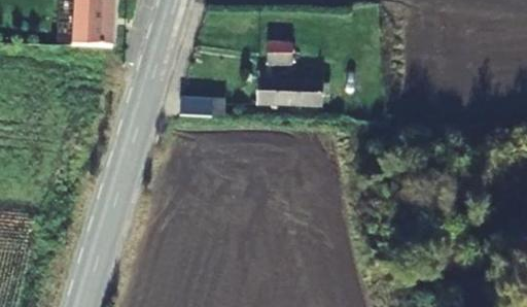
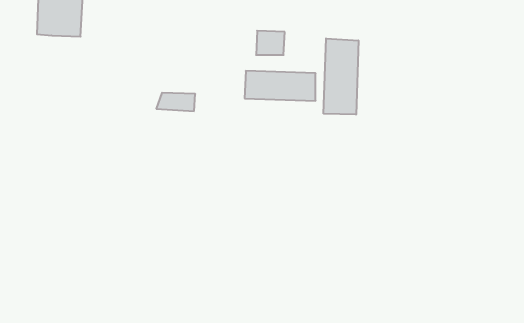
building: none -> [324,38,358,115]

